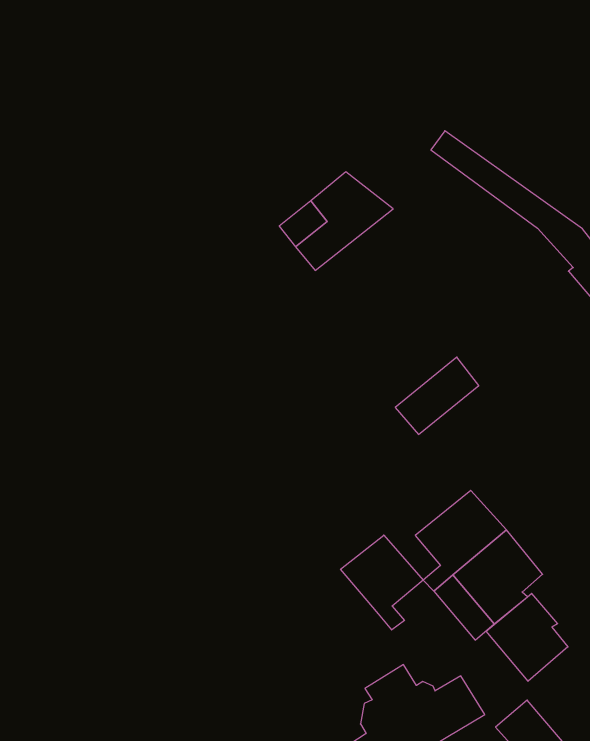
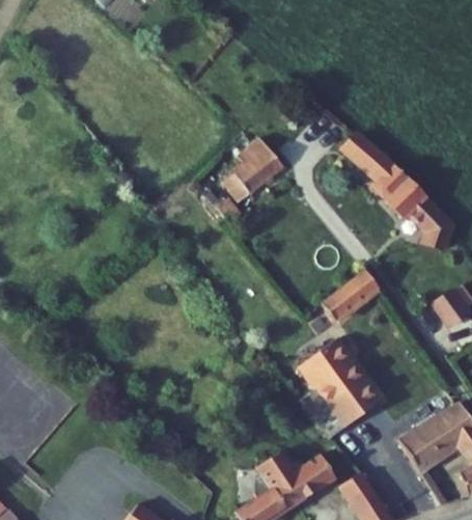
building: [395,357,479,434] -> [333,270,386,317]
building: [341,535,423,630] -> none
building: [486,593,568,681] -> none

